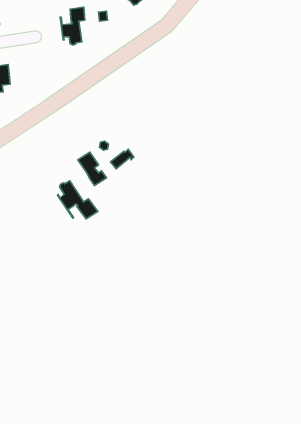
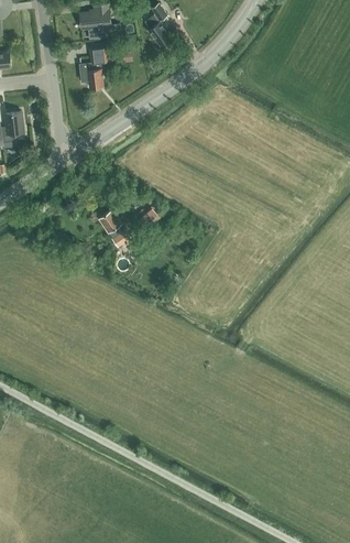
building: [58,181,98,219] -> none

